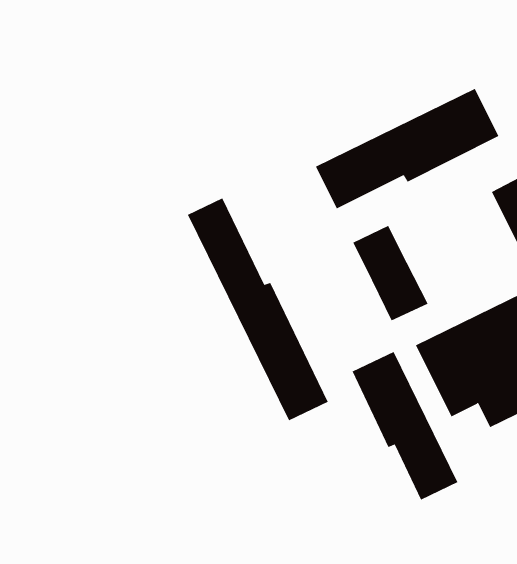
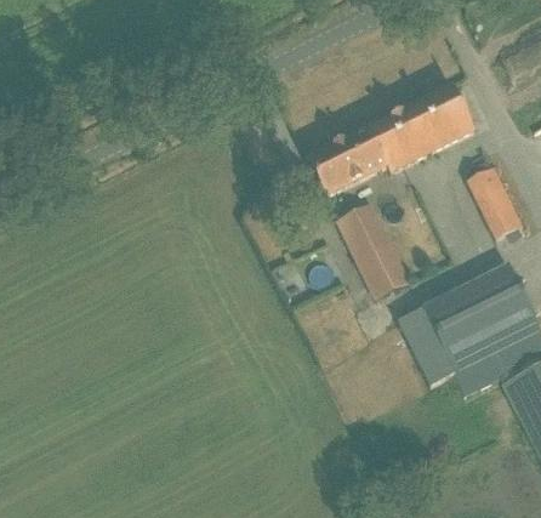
building: [187,198,328,421] -> none
building: [352,351,458,500] -> none

